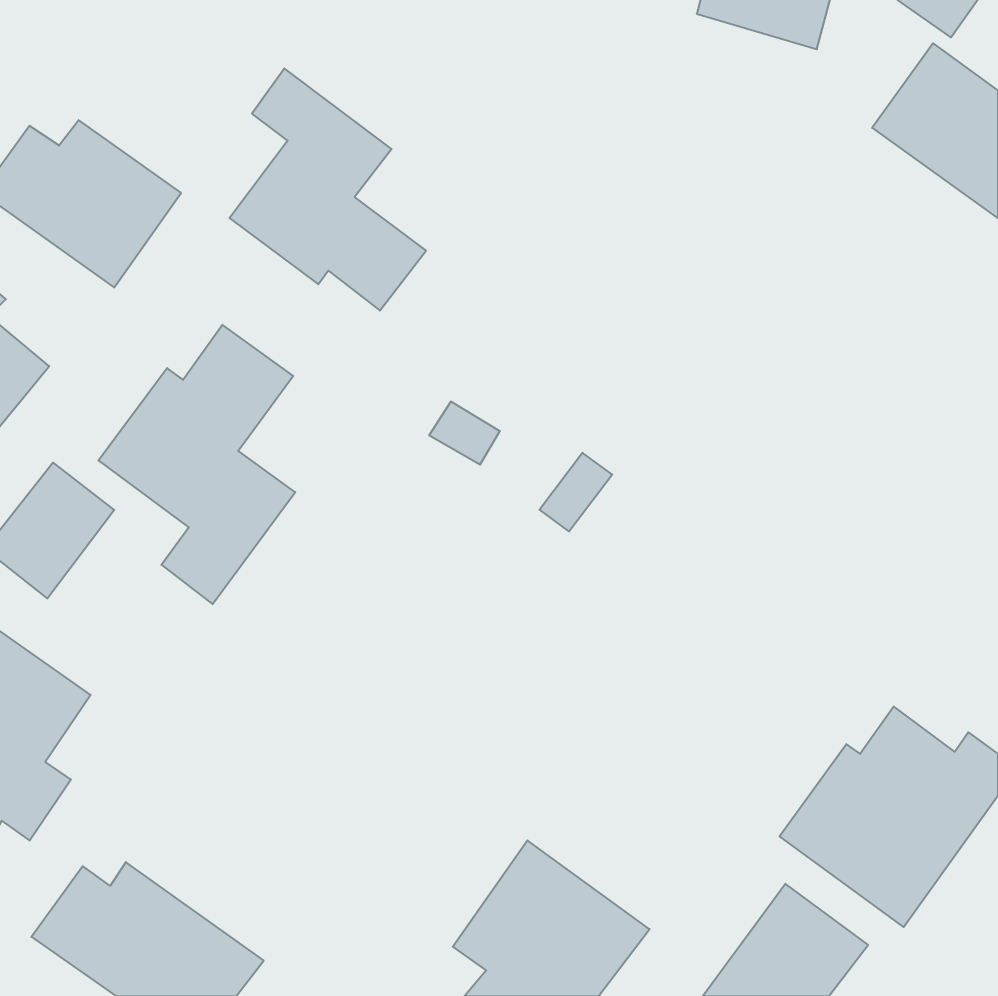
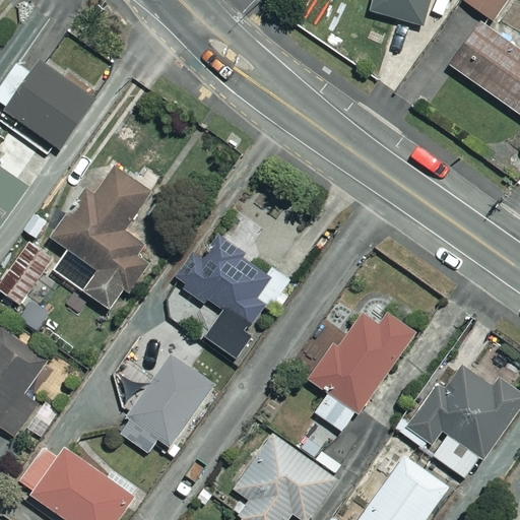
building: [229,68,426,311] -> none
building: none -> [175,234,270,358]
building: none -> [309,312,418,432]
building: none -> [117,353,214,451]

